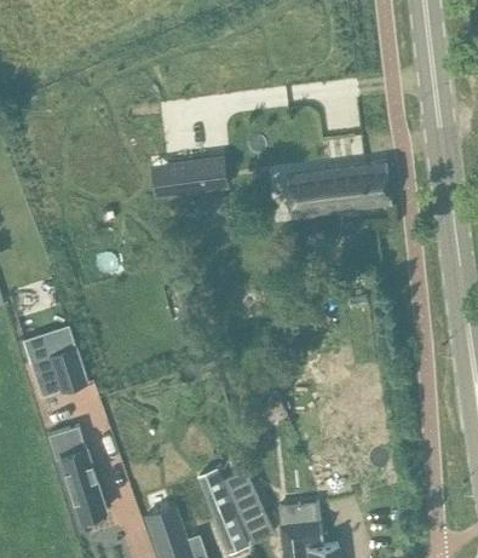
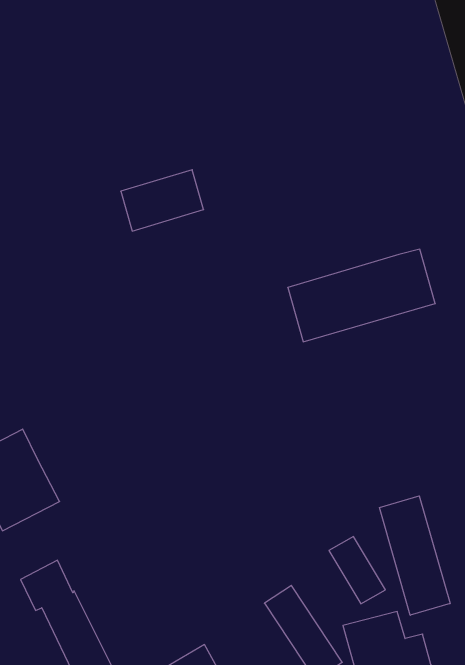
building: [286,165,391,218] -> [288,249,435,342]
building: none -> [380,496,450,615]
building: [196,468,232,518] -> [329,537,385,604]

